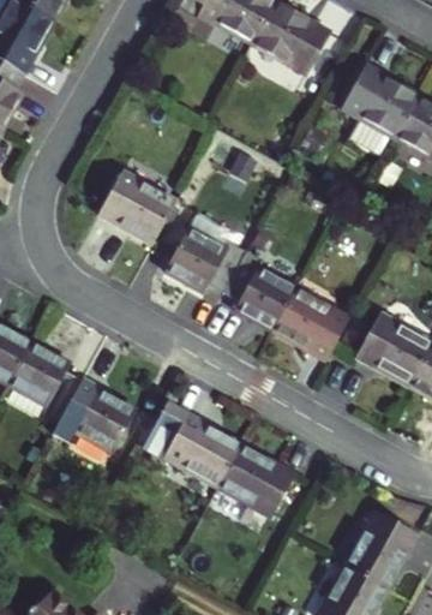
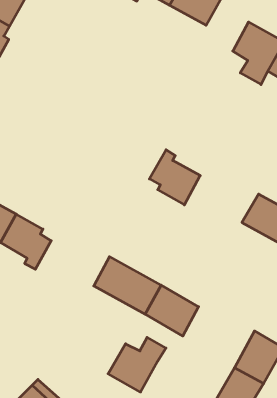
building: [97,171,175,243] -> none
building: [166,228,247,292] -> none
building: [274,287,349,359] -> none
building: [59,381,134,452] -> none
building: none -> [108,337,166,392]

